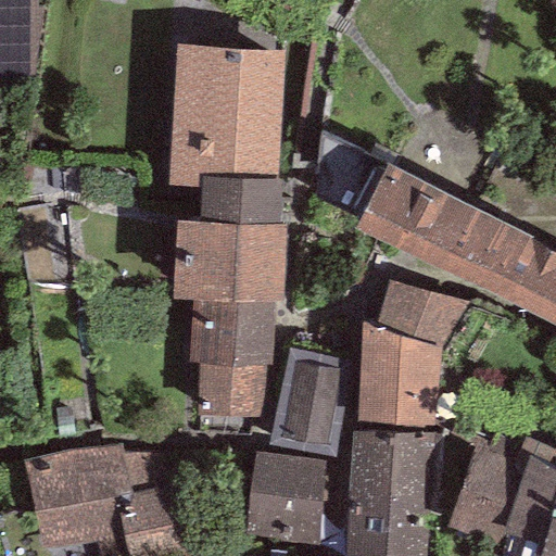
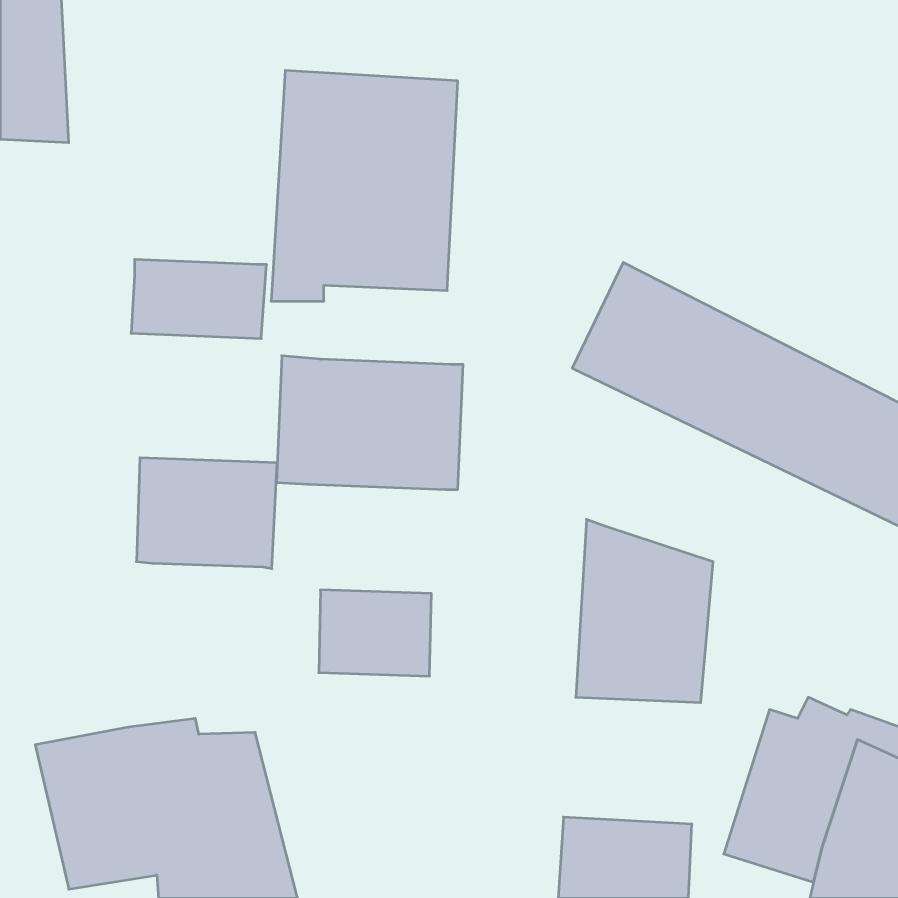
building: [199,176,282,225] -> [131,259,267,339]
building: [375,279,467,346] -> none
building: [189,299,276,367] -> [136,458,277,569]
building: [269,348,345,456] -> none
building: [349,430,443,508] -> none
building: [244,451,326,544] -> none

